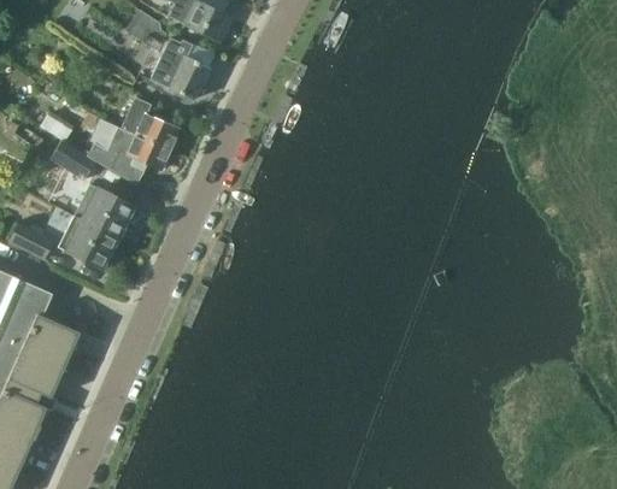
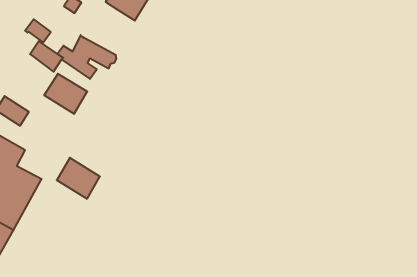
building: [121,98,178,151] -> none
building: [57,214,117,270] -> [57,158,100,199]

